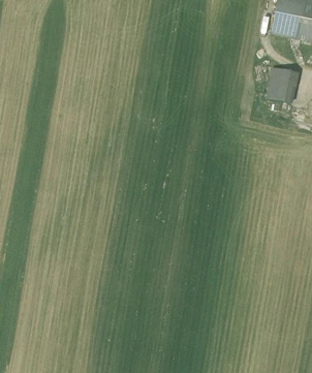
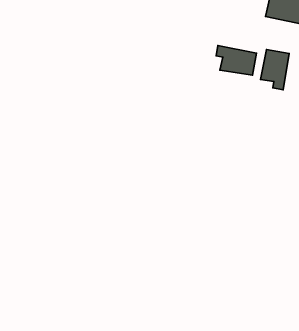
building: none -> [216,46,256,75]

